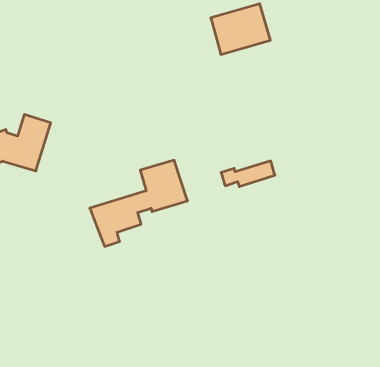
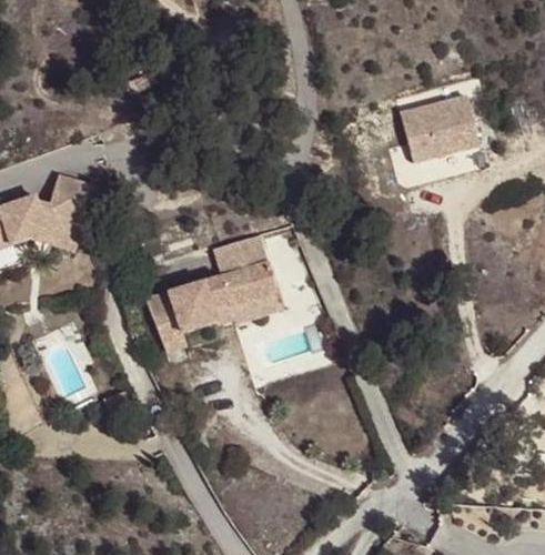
building: [211,4,270,54] -> [398,93,478,161]
building: [221,161,275,187] -> [210,289,282,323]

